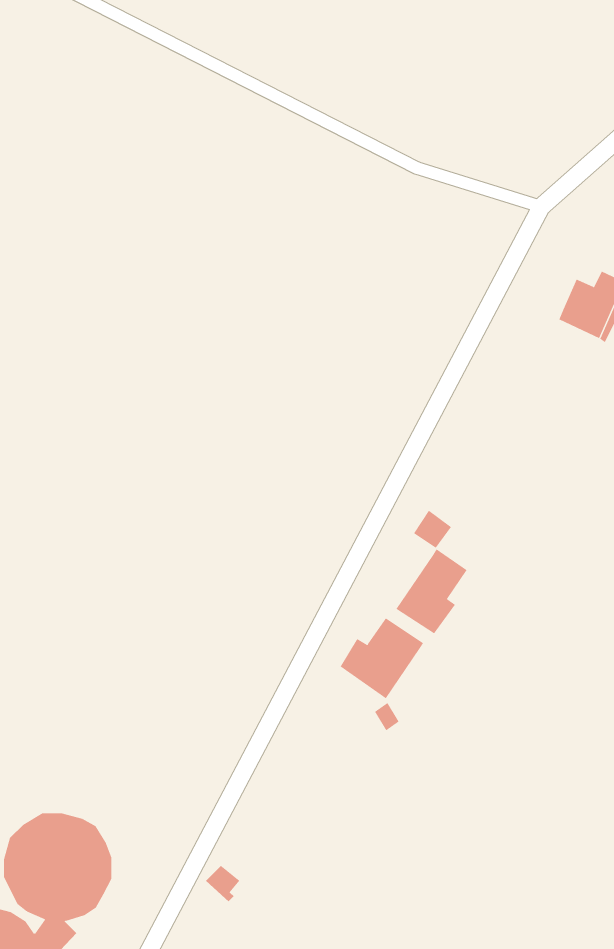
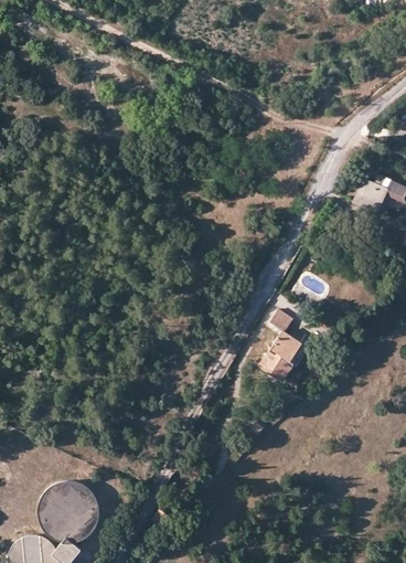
building: [340,617,424,699] -> none

